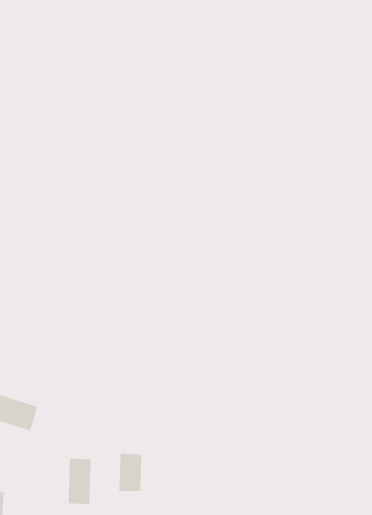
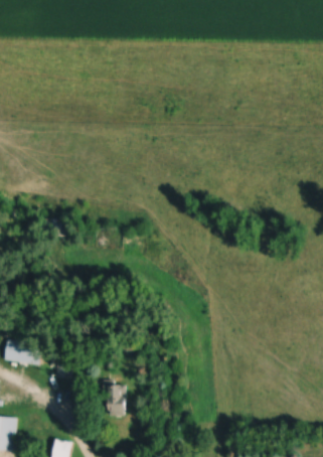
building: [68,458,91,505] -> none

